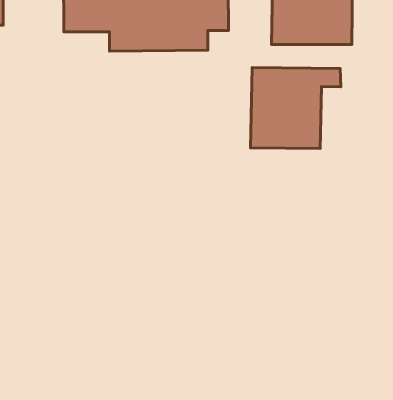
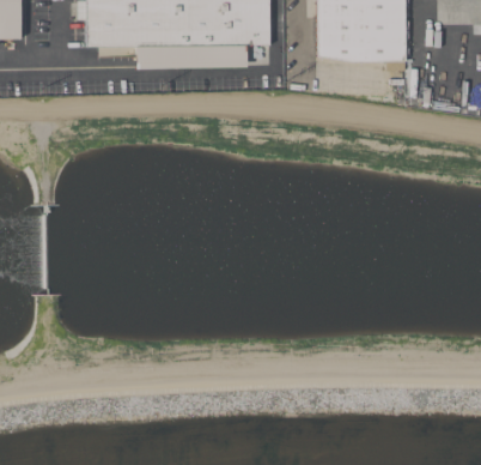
building: [250,67,341,148] -> none

